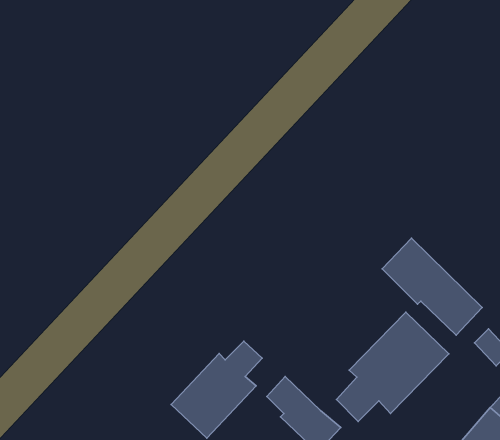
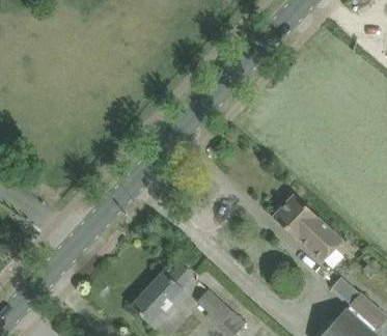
building: [336,312,449,421] -> none

